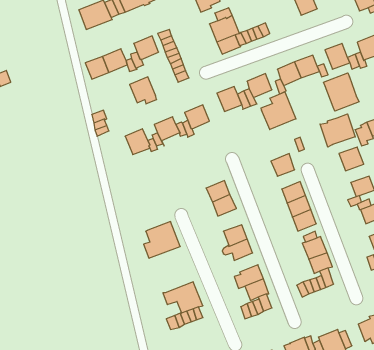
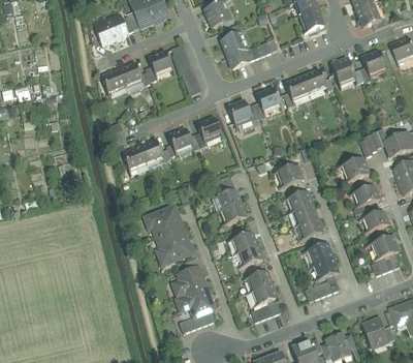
building: [323,73,359,111] -> none
building: [130,77,157,104] -> [122,147,148,173]
building: [261,92,296,130] -> none
building: [320,114,355,147] -> none
building: none -> [145,206,183,237]
building: none -> [173,267,204,297]

